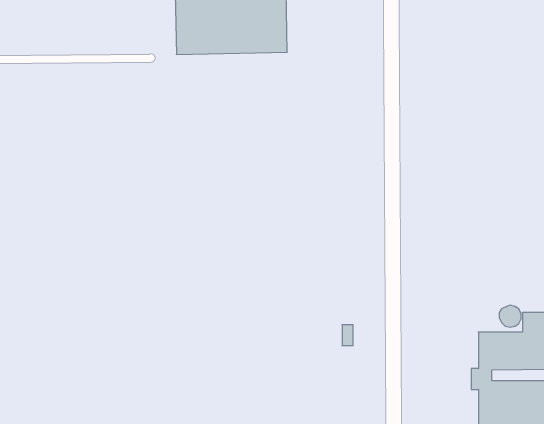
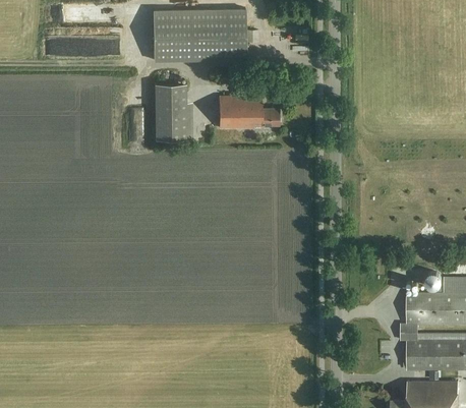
building: none -> [155,82,193,138]
building: none -> [219,95,280,128]

